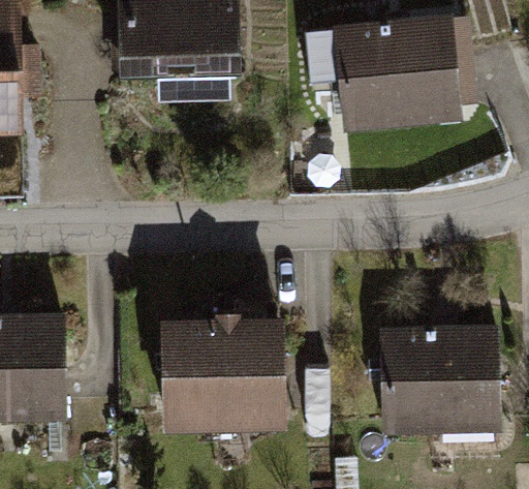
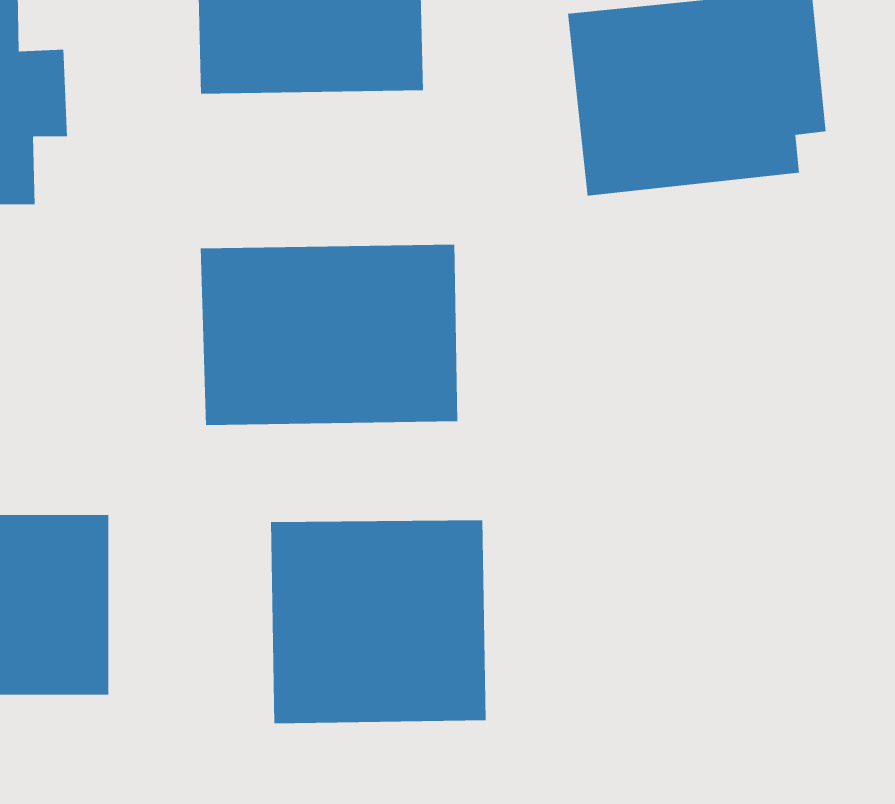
building: none -> [200,244,458,426]
building: [381,329,498,430] -> none

